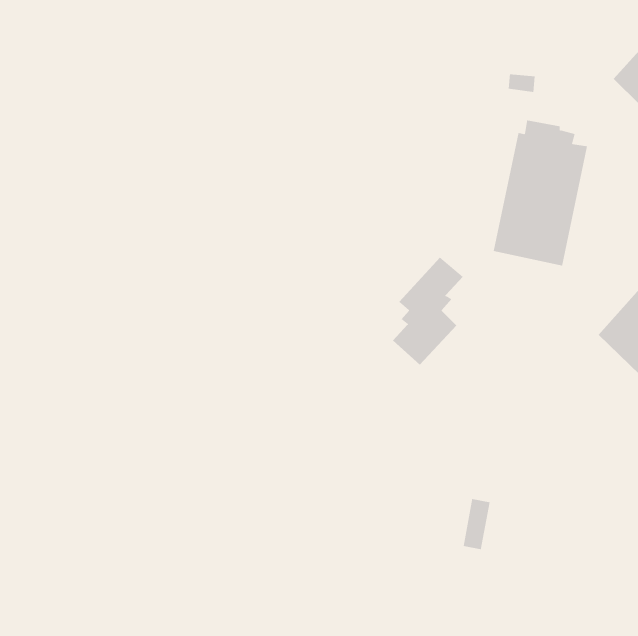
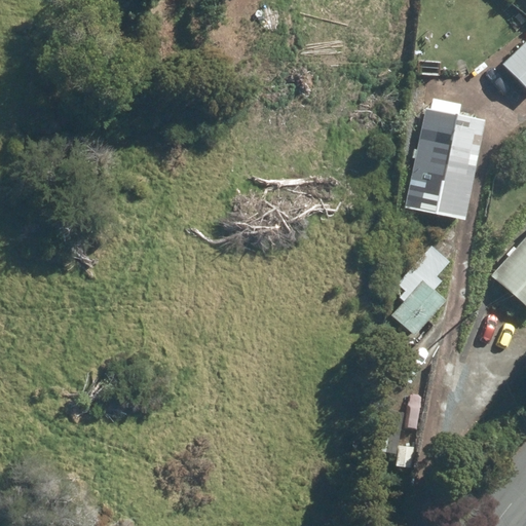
building: [392,257,464,365] -> [391,246,450,335]

